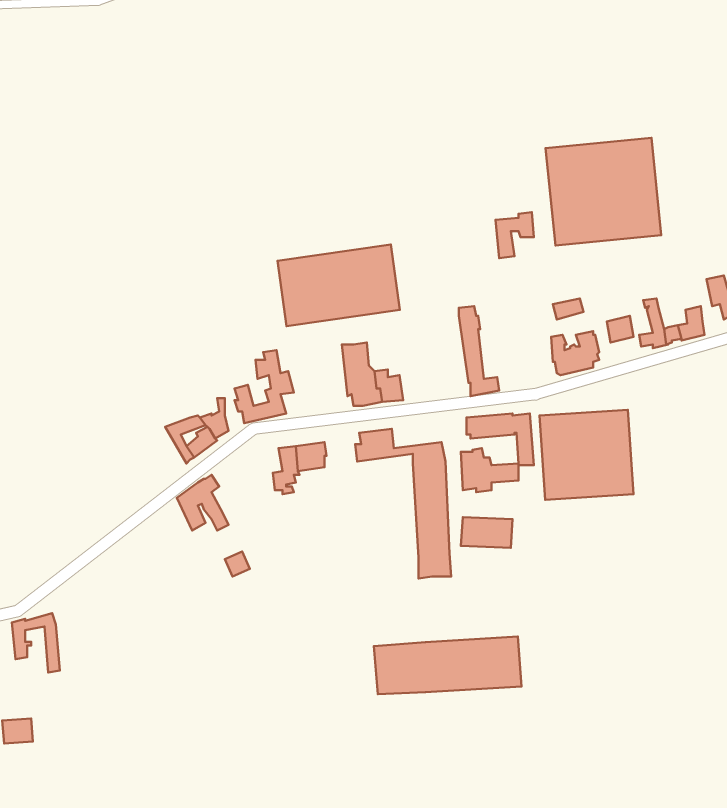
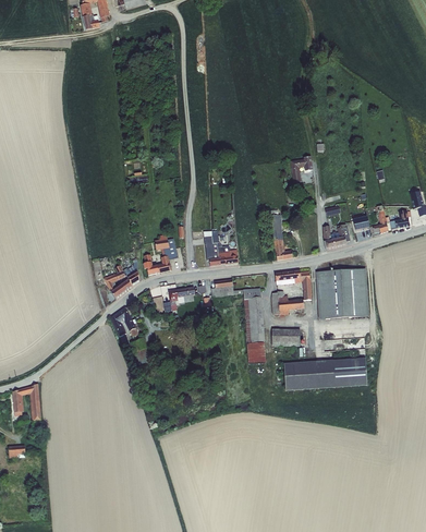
building: [546,138,661,245] -> none
building: [277,245,400,326] -> none
building: [374,636,522,694] -> [282,358,366,390]

